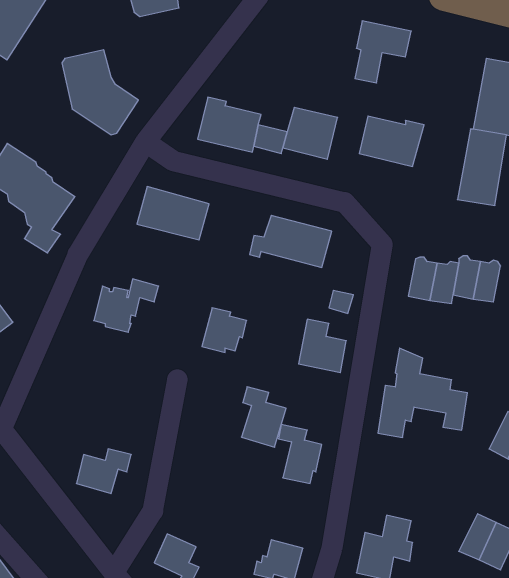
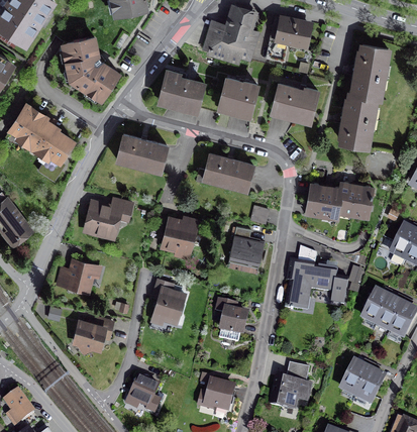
building: none -> [204,7,258,62]
building: none -> [62,260,100,290]
building: [241,387,286,447] -> [153,279,185,321]

